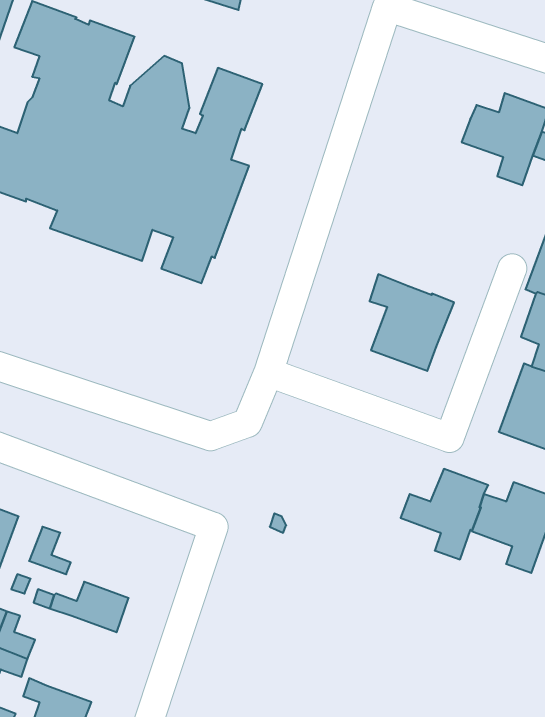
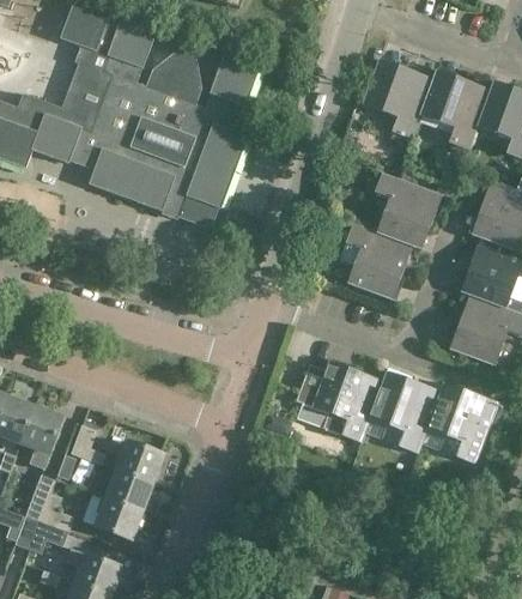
building: none -> [362,59,433,139]
building: none -> [374,171,442,238]
building: none -> [295,361,383,441]
building: none -> [115,440,162,483]
building: none -> [95,497,141,539]

